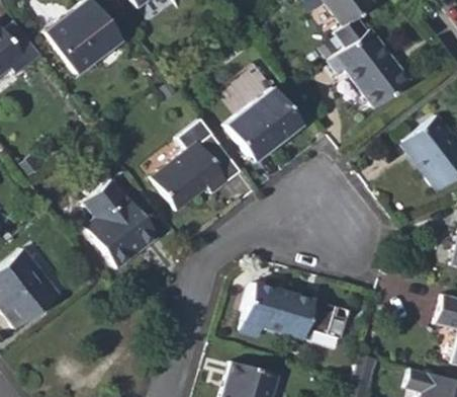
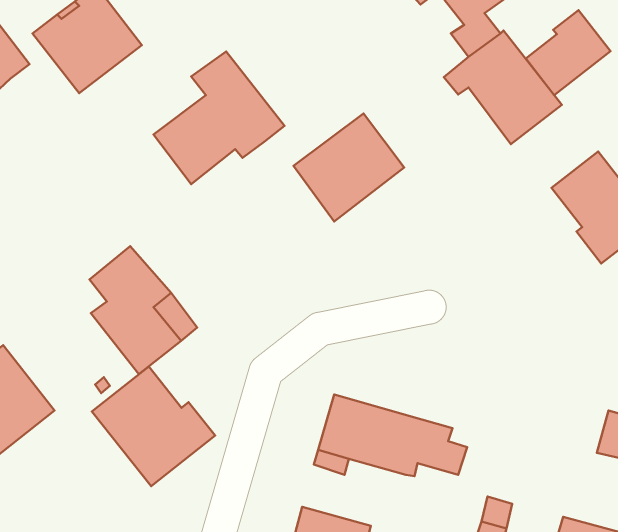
building: none -> [526,10,610,95]
building: [151,118,242,211] -> [153,52,285,184]
building: none -> [92,366,215,486]

